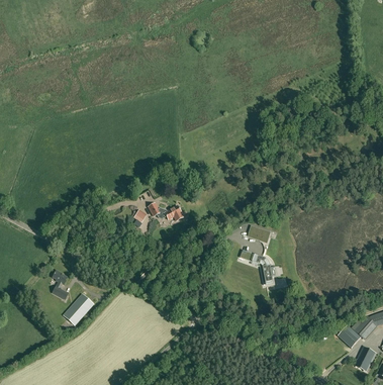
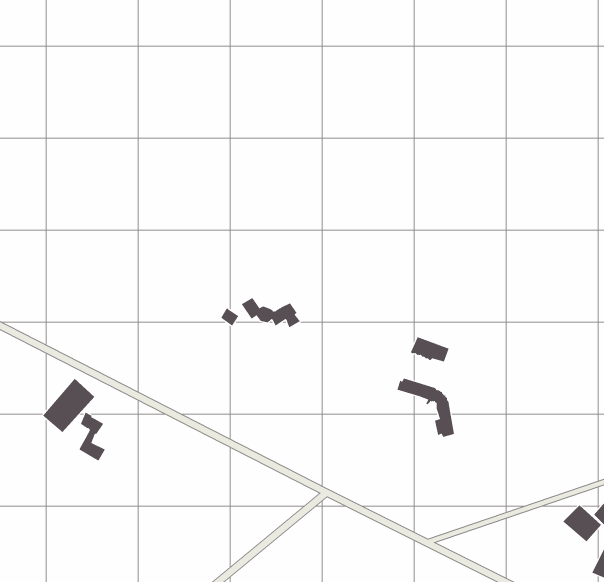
building: [63,292,94,324] -> [42,378,95,433]

